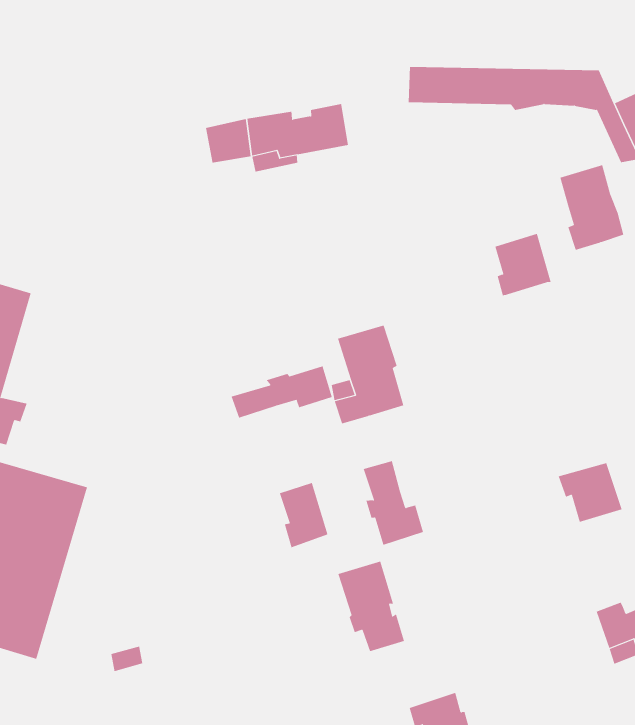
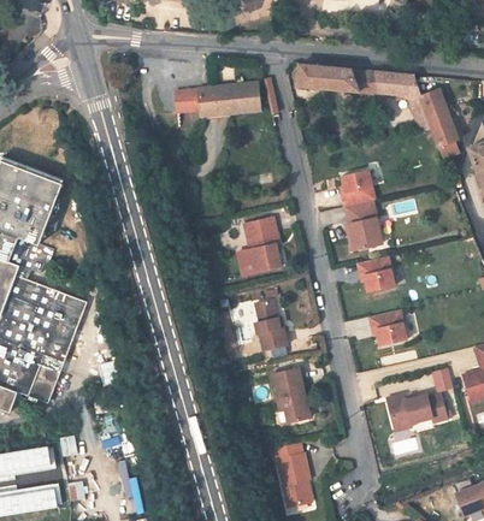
building: [560,164,624,251] -> [346,200,382,250]
building: [231,365,332,419] -> none
building: none -> [358,256,394,292]
building: [279,482,328,548] -> none
building: [338,561,405,652] -> [272,368,309,422]

